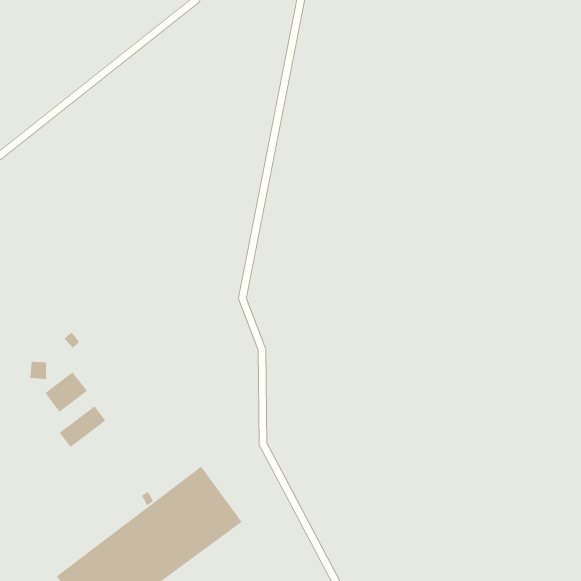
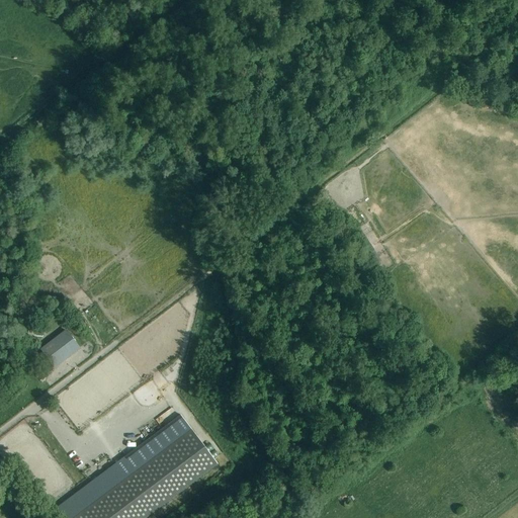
building: [59,405,106,448] -> none

